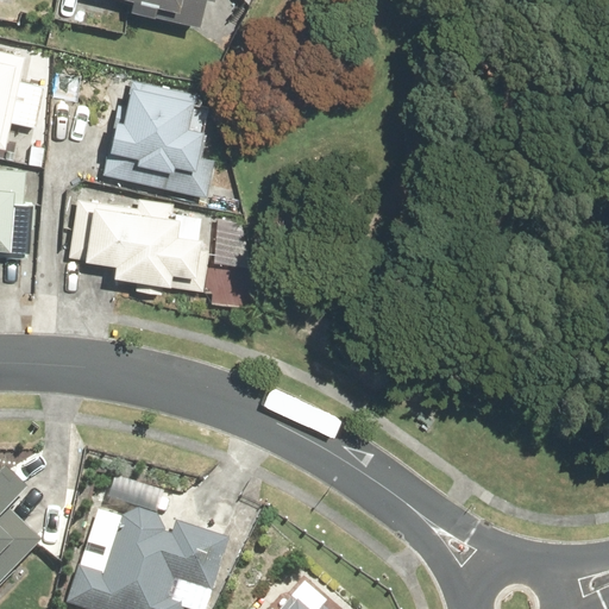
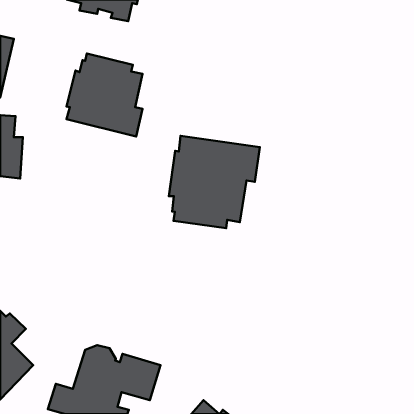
building: [65,199,203,293] -> none
building: none -> [169,136,260,228]

